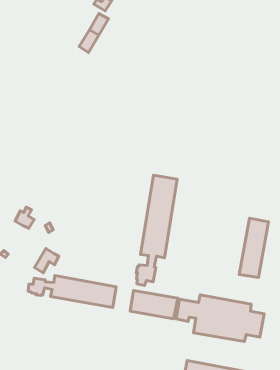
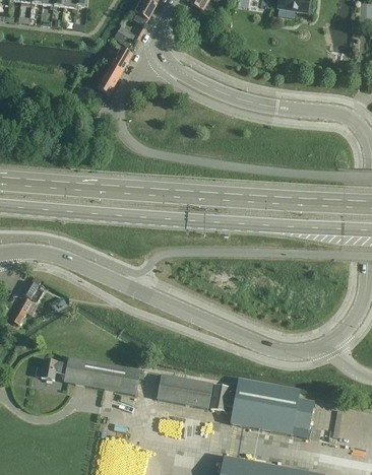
building: [136,175,177,286] -> none
building: [239,218,269,277] -> none
building: [34,249,59,273] -> [9,296,38,325]

